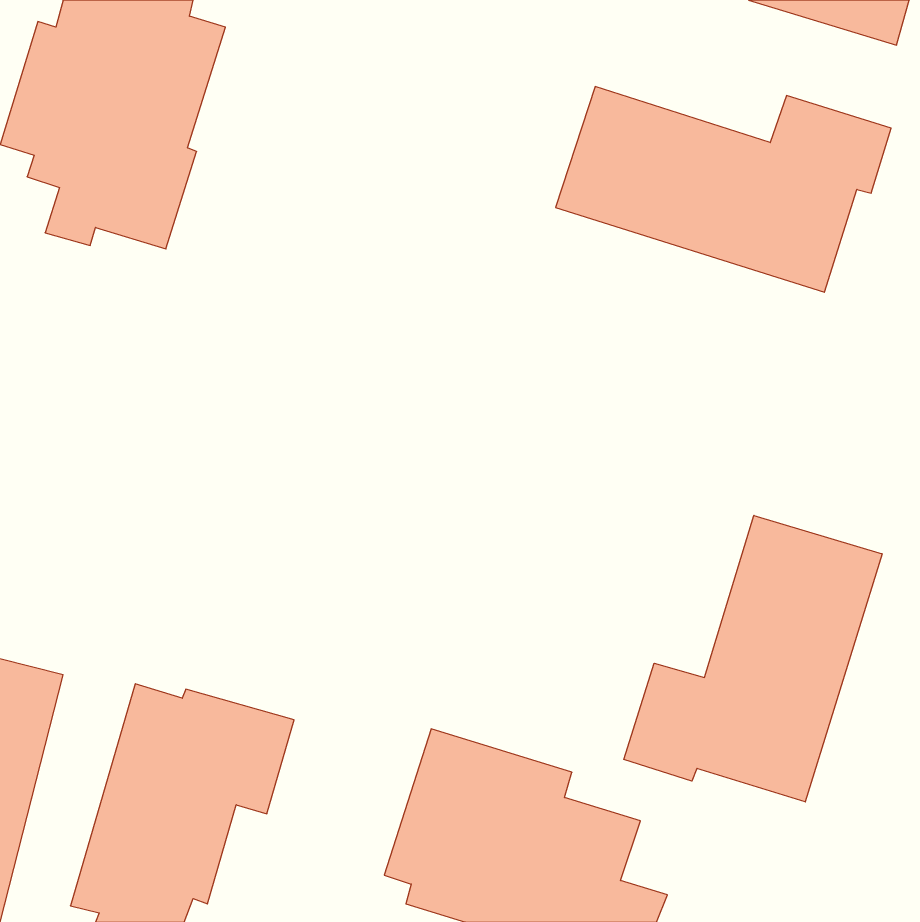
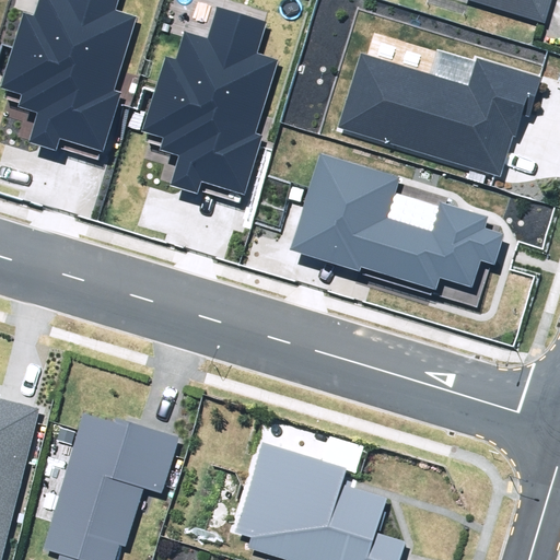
building: none -> [142,7,278,195]
building: none -> [290,153,504,295]
building: [624,515,882,802] -> none

